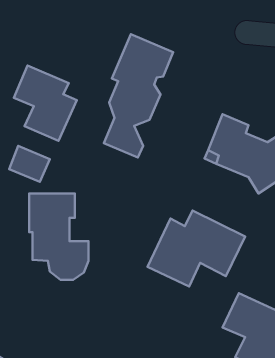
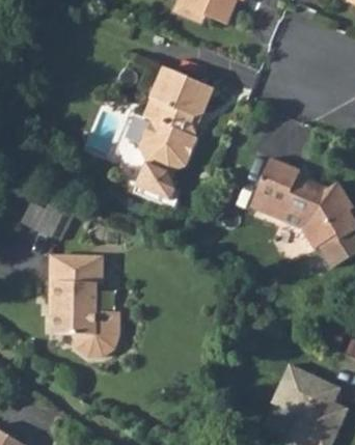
building: [14,65,77,141] -> none
building: [147,210,245,286] -> none

